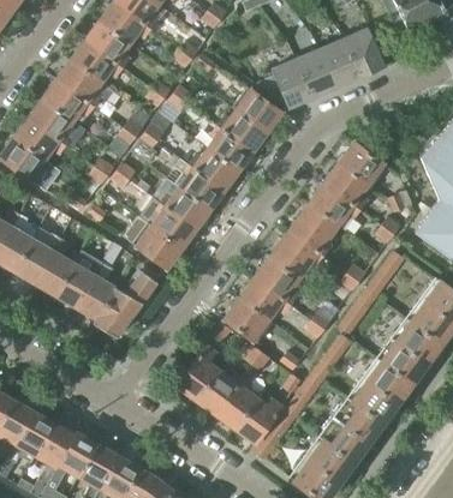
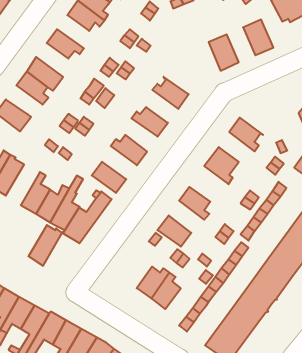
building: [85,22,130,67] -> none
building: [321,38,360,86] -> none
building: [256,59,312,108] -> none
building: [56,60,114,110] -> none
building: [233,88,281,131] -> none
building: [14,119,65,158] -> none
building: [209,125,254,170] -> none
building: [339,143,387,187] -> none
building: [180,164,225,210] -> none
building: [310,184,359,229] -> none
building: [148,203,196,248] -> none
building: [14,228,61,284] -> [28,225,62,266]
building: [269,230,323,280] -> none
building: [240,278,290,323] -> none
building: [177,346,217,400] -> none
building: [236,400,281,443] -> none

